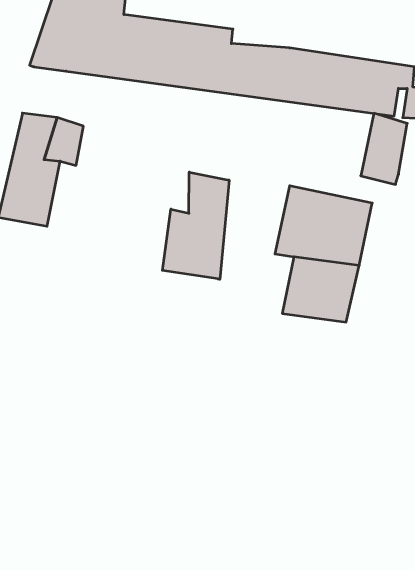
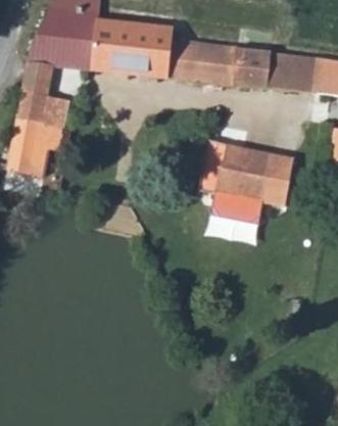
building: none -> [32,58,62,94]
building: [361,113,407,184] -> [269,154,301,204]
building: [162,172,229,279] -> none

